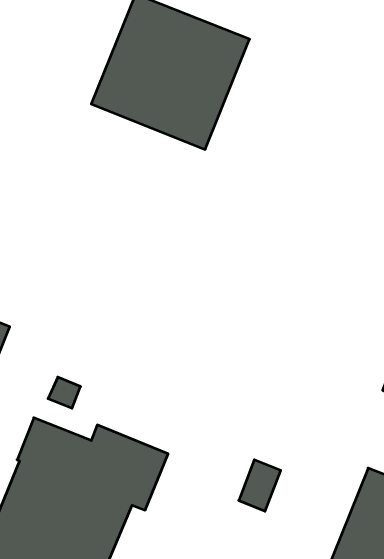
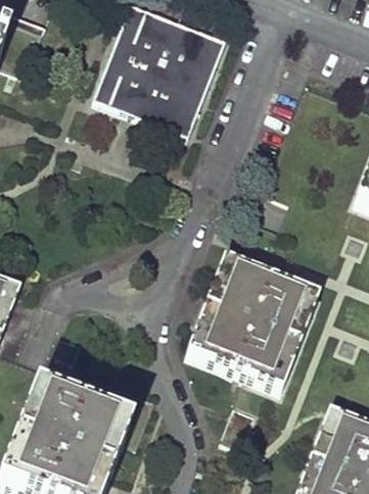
building: none -> [183,258,318,391]

